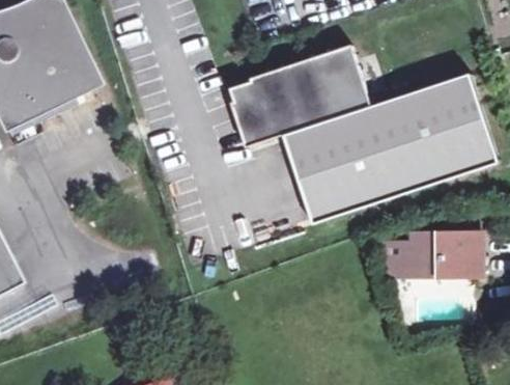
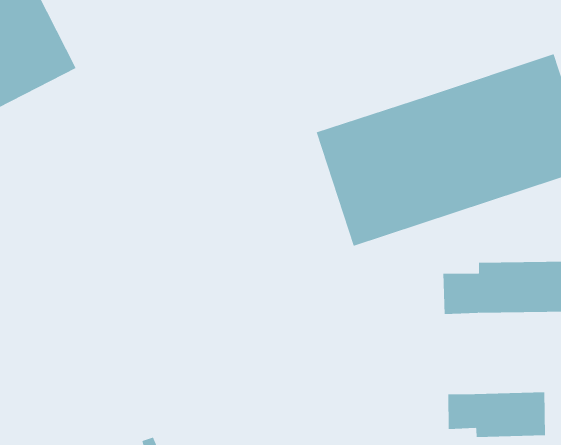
building: [229,43,369,144] -> none
building: none -> [448,392,546,438]

